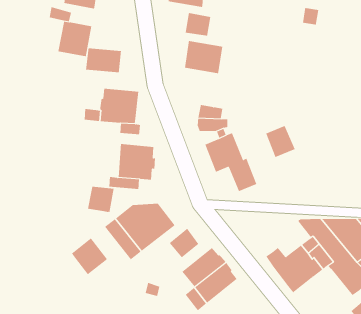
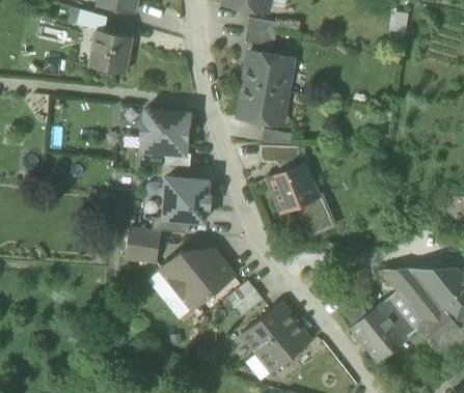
building: [86,47,122,73] -> none
building: none -> [239,85,286,124]
building: [266,125,295,158] -> none
building: [71,237,108,275] -> none

